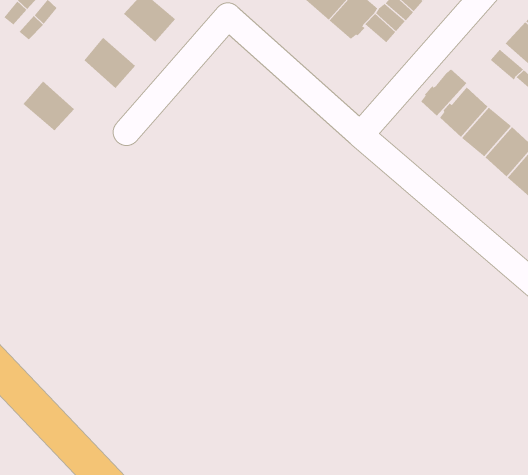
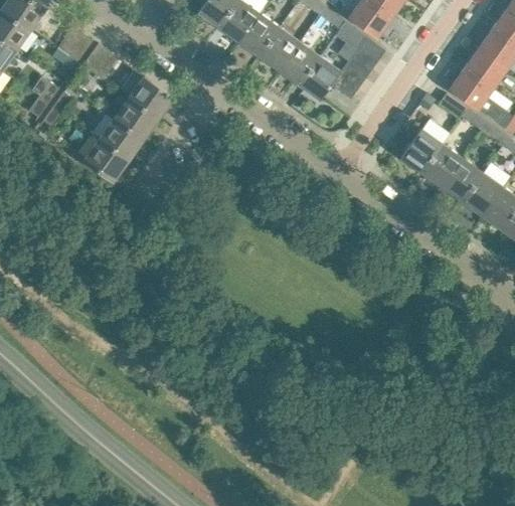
building: none -> [113,97,157,139]
building: [421,68,467,117] -> none
building: [22,81,75,131] -> [83,139,128,180]

